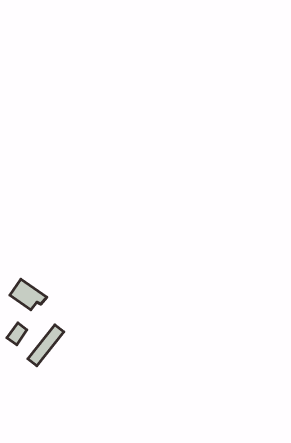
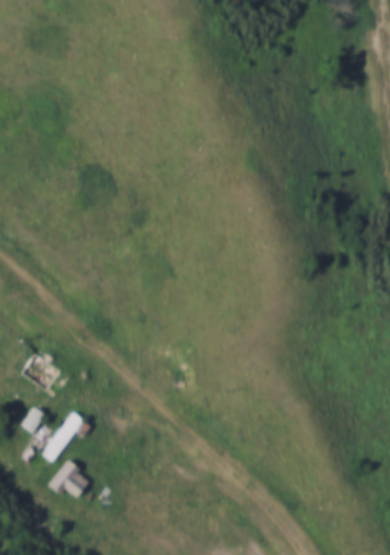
building: none -> [48,460,87,496]

